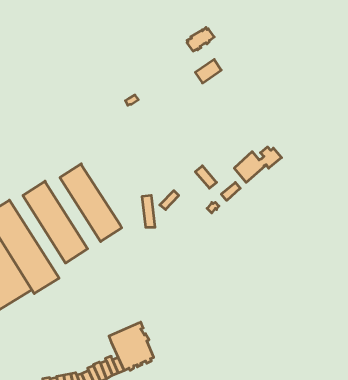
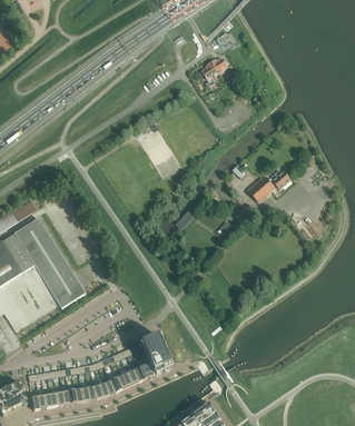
building: [60,164,122,242] -> none
building: [23,181,88,263] -> none

